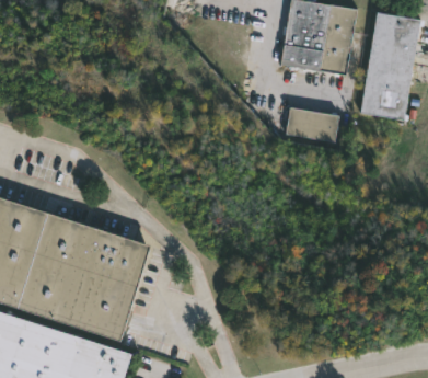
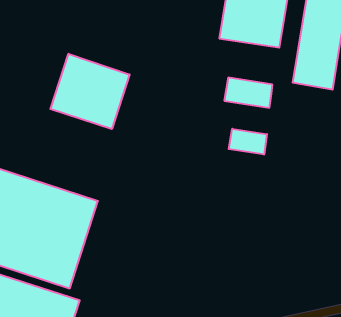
building: none -> [50,54,130,129]
building: none -> [229,129,267,155]

